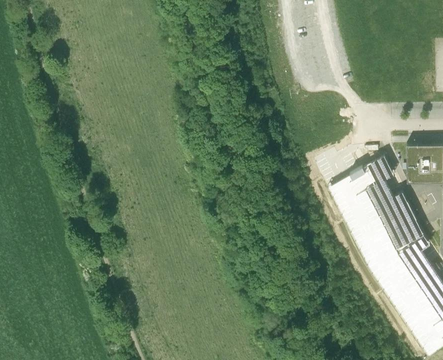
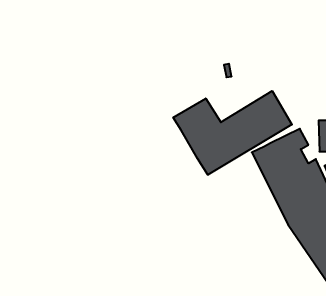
building: none -> [173,91,292,175]

